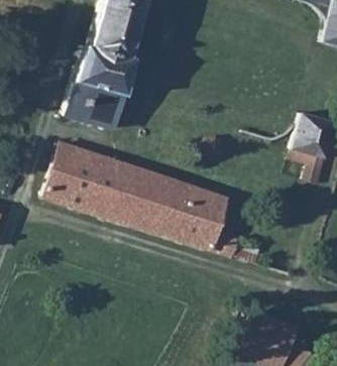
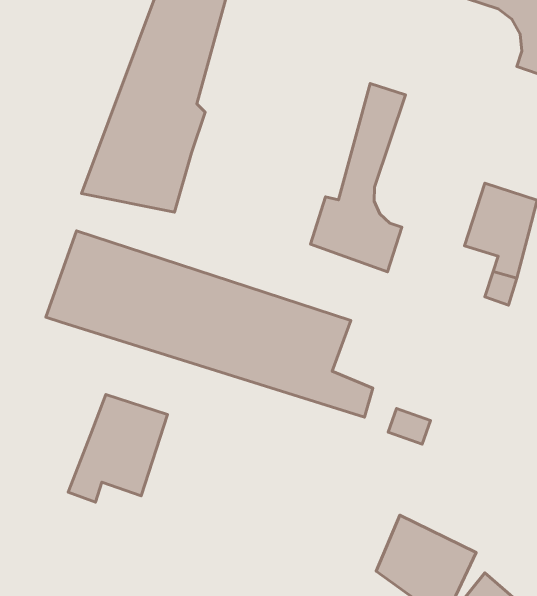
building: none -> [311,84,406,272]
building: none -> [68,394,168,502]

